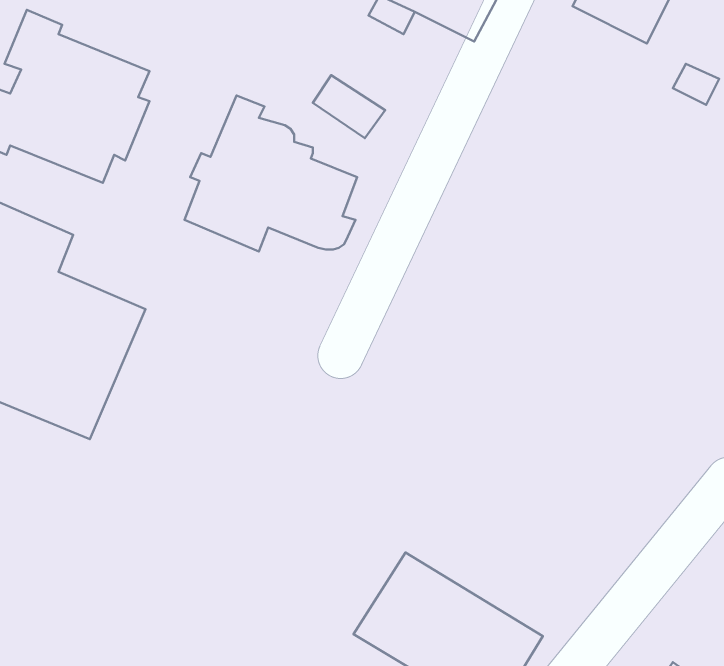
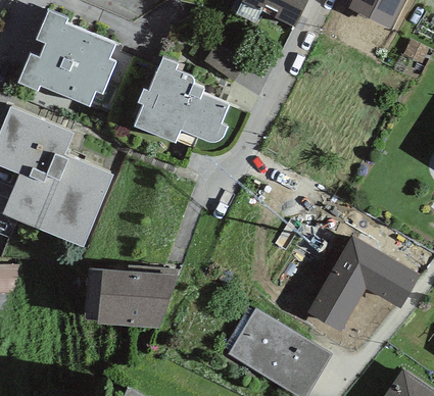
building: none -> [307,236,421,331]
building: none -> [85,265,179,328]

